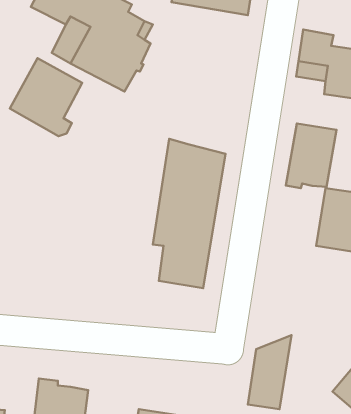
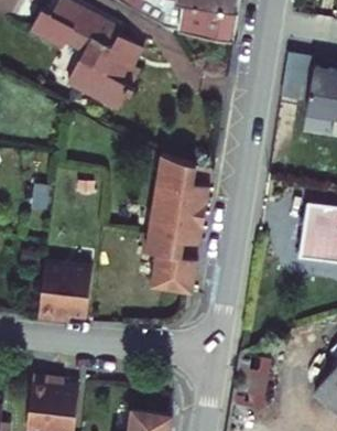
building: [10,58,82,136] -> none
building: [286,124,336,188] -> none
building: none -> [36,265,90,322]

